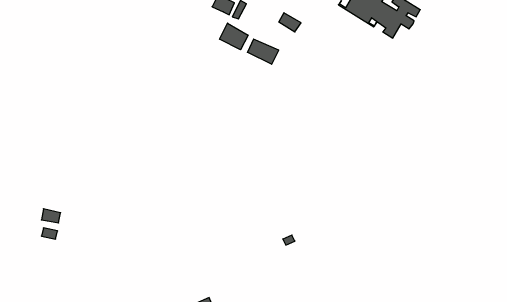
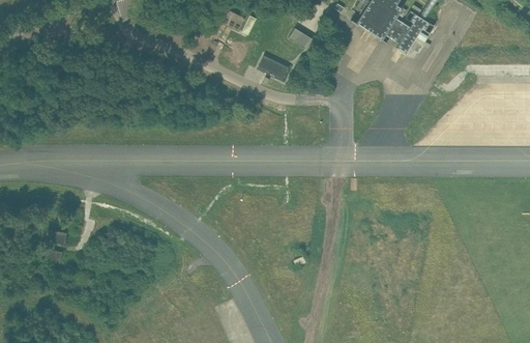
building: [220,23,248,50] -> none

